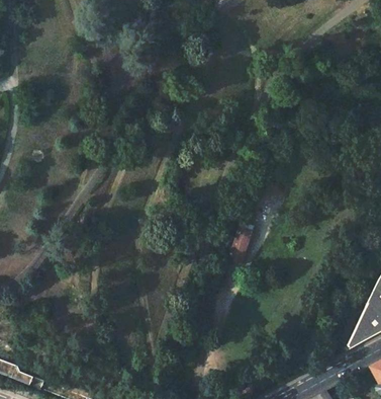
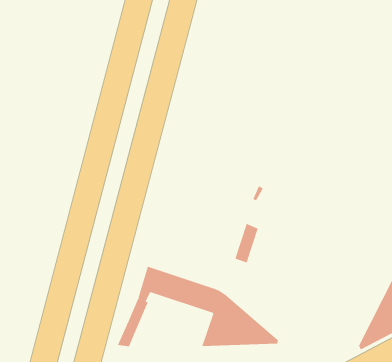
building: none -> [117,266,278,347]

